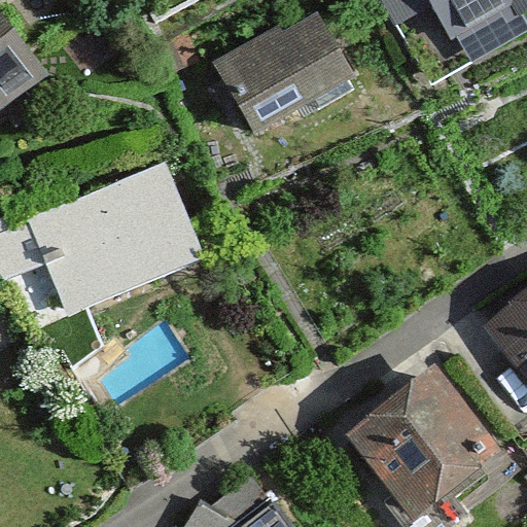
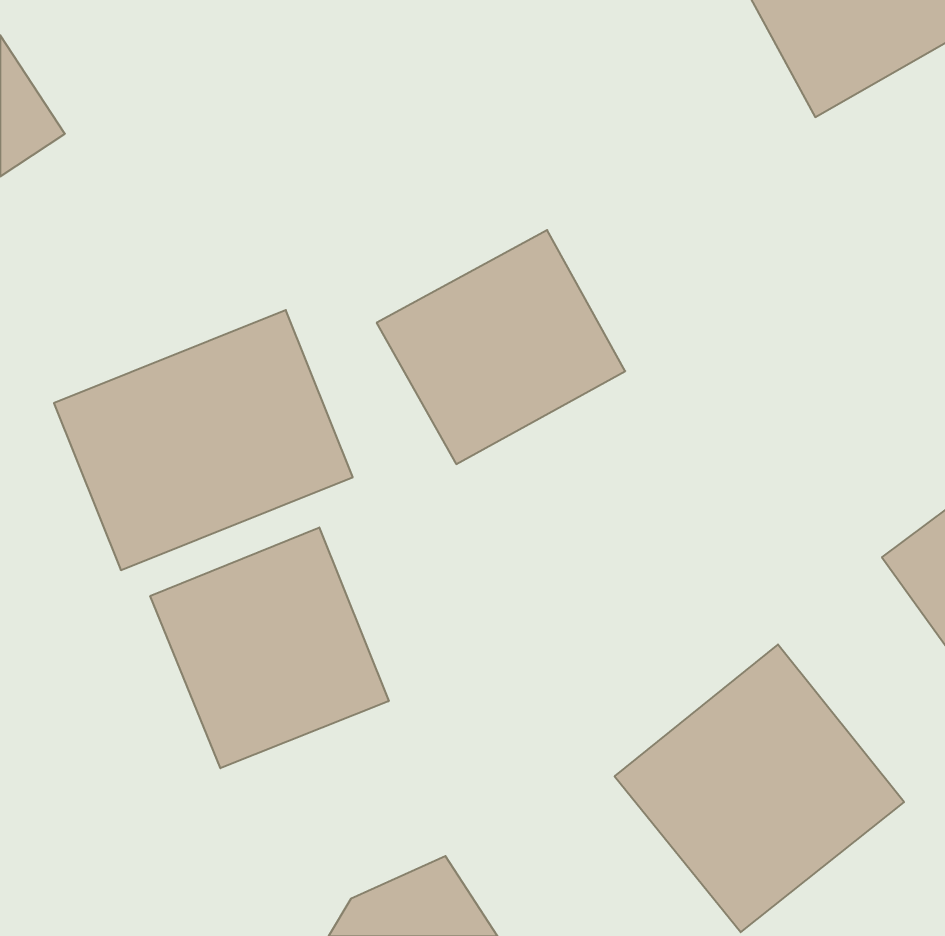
building: [216,12,354,142] -> [377,230,625,464]
building: none -> [150,527,389,768]

